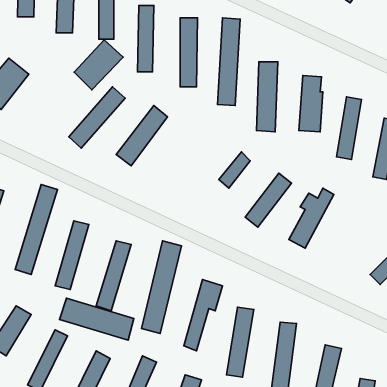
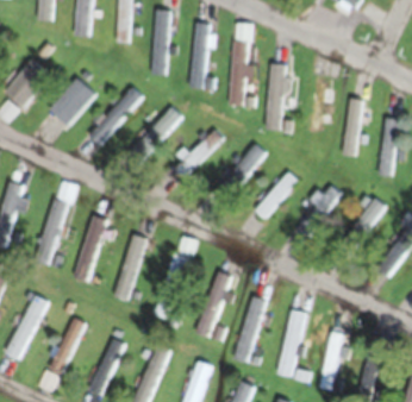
building: [74,40,123,90] -> [48,78,94,126]
building: none -> [179,128,220,183]
building: none -> [345,196,385,246]
building: [59,298,134,340] -> none

